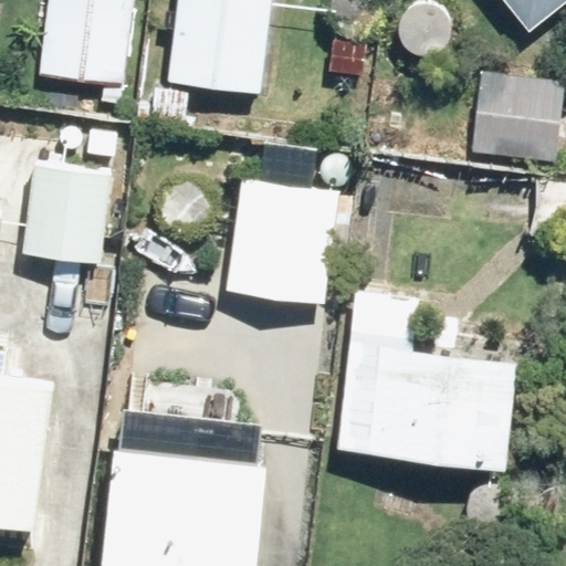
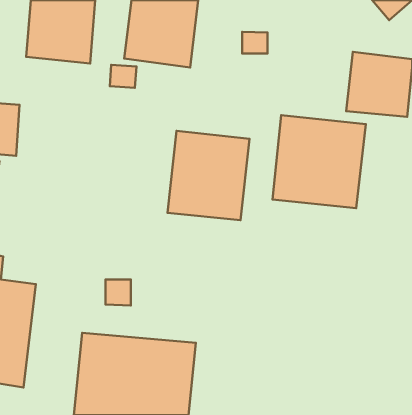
building: none -> [273,115,366,208]
building: [24,164,106,262] -> none
building: [338,291,516,467] -> none

